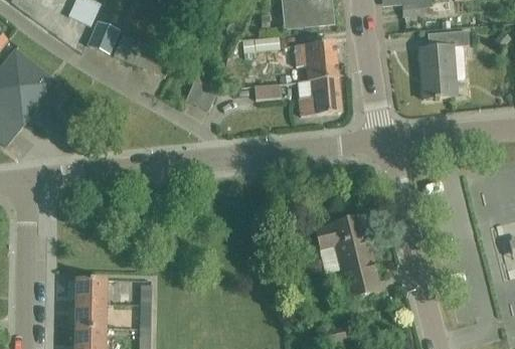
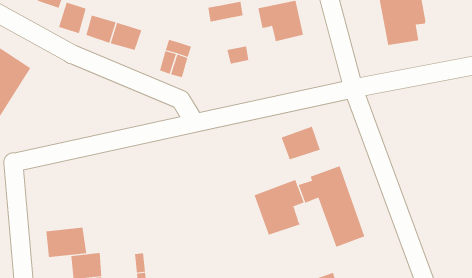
building: [297,77,341,116] -> none
building: none -> [281,126,321,160]
building: none -> [254,179,304,236]
building: none -> [46,227,87,258]

